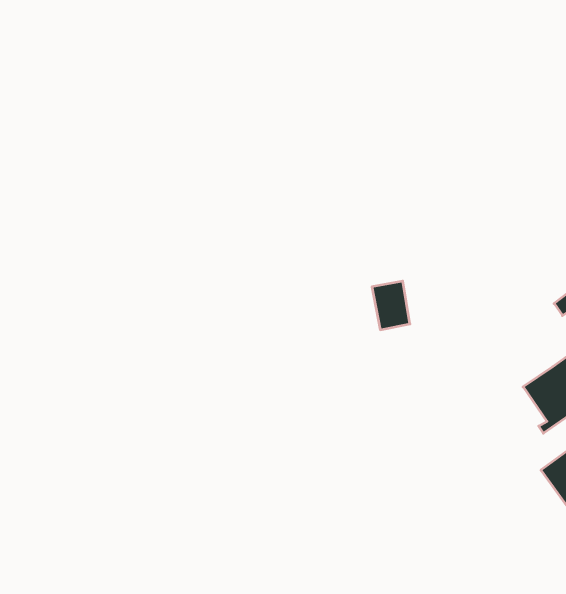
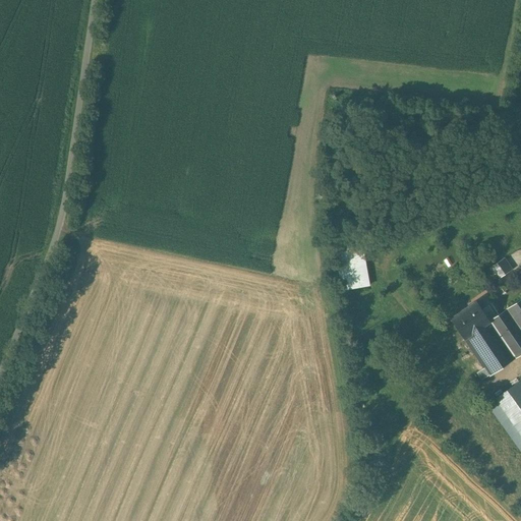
building: none -> [454,300,495,338]

